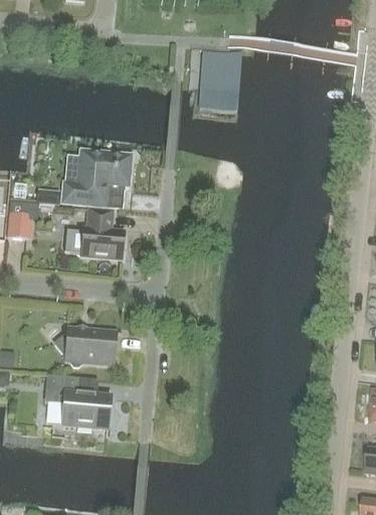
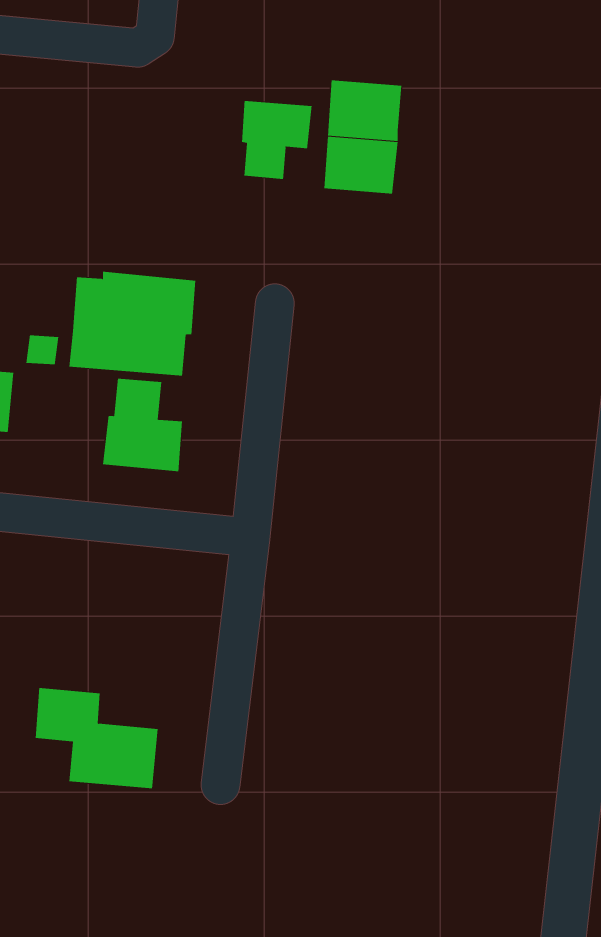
building: none -> [242,100,312,180]
building: [54,327,116,365] -> none

